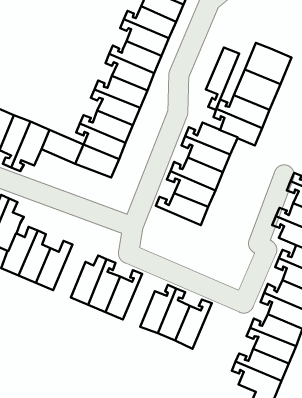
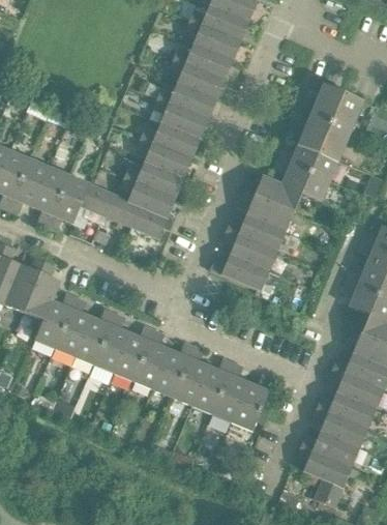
building: [206,47,239,110] -> none
building: none -> [94,313,130,373]
building: none -> [173,346,209,406]

